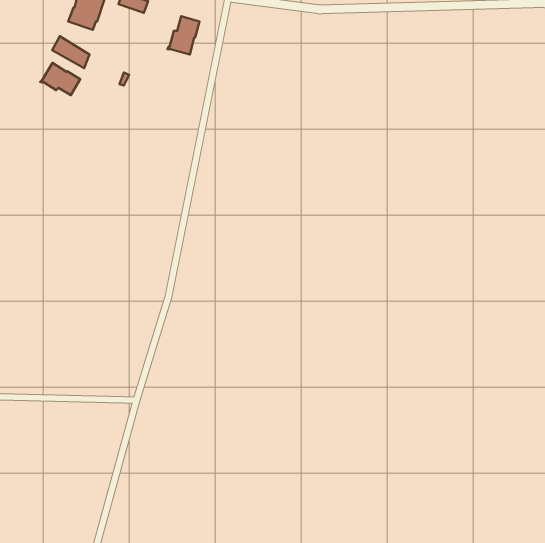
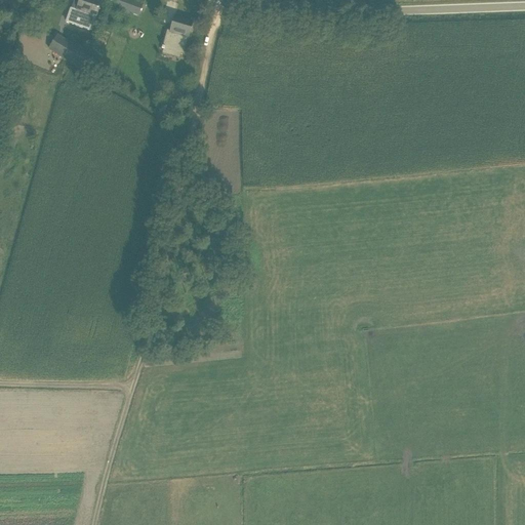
building: [40,63,80,95] -> none

